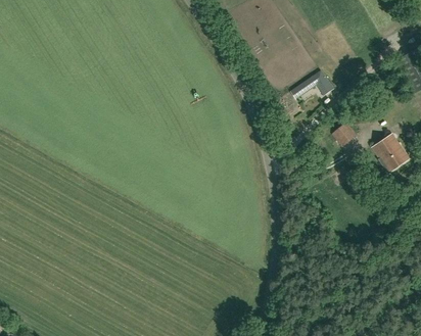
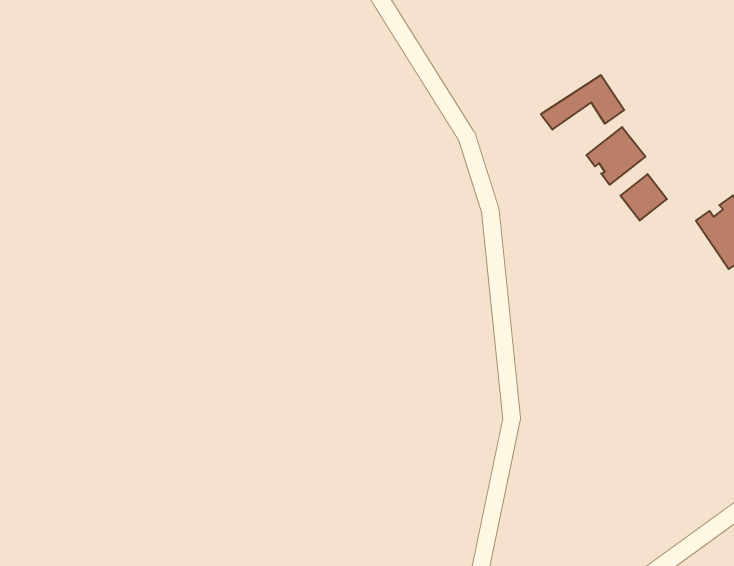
building: none -> [586,127,645,185]

